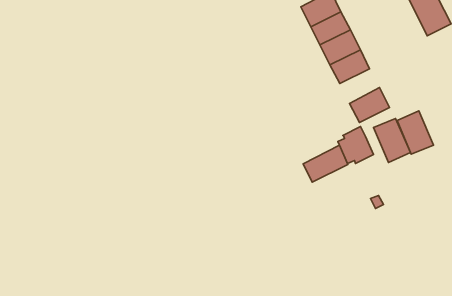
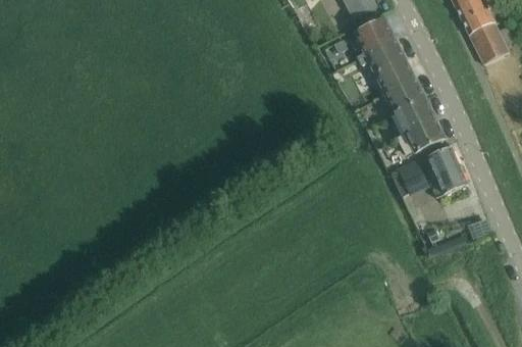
building: none -> [394,96,434,132]
building: [397,111,433,154] -> none
building: [303,145,348,182] -> none

